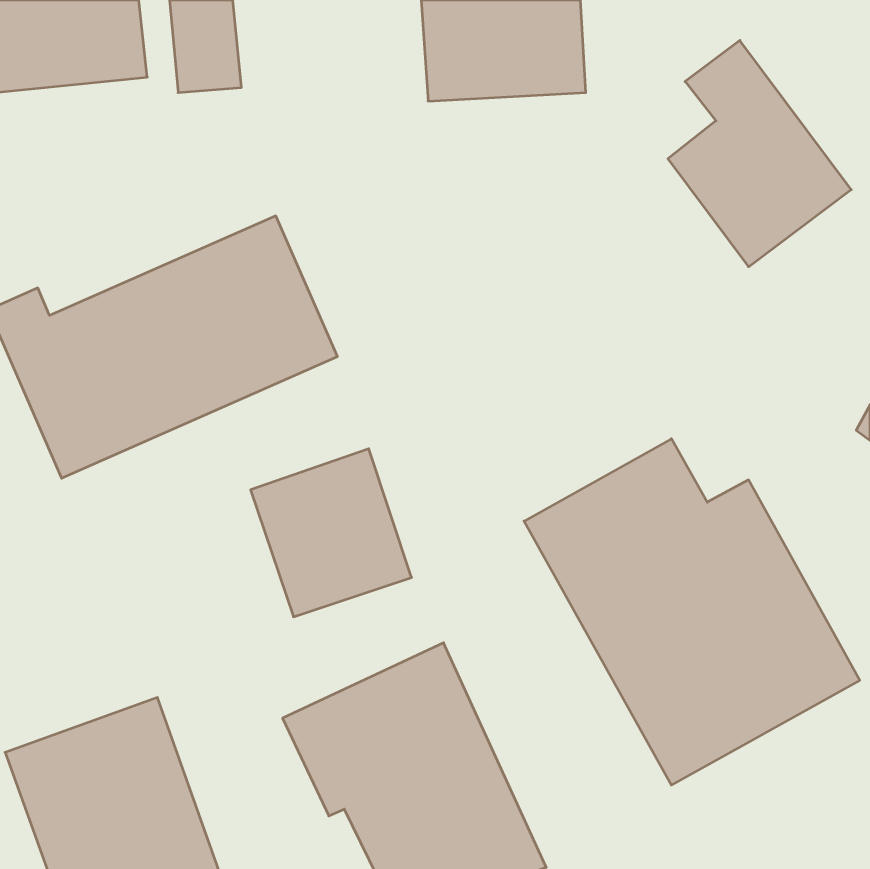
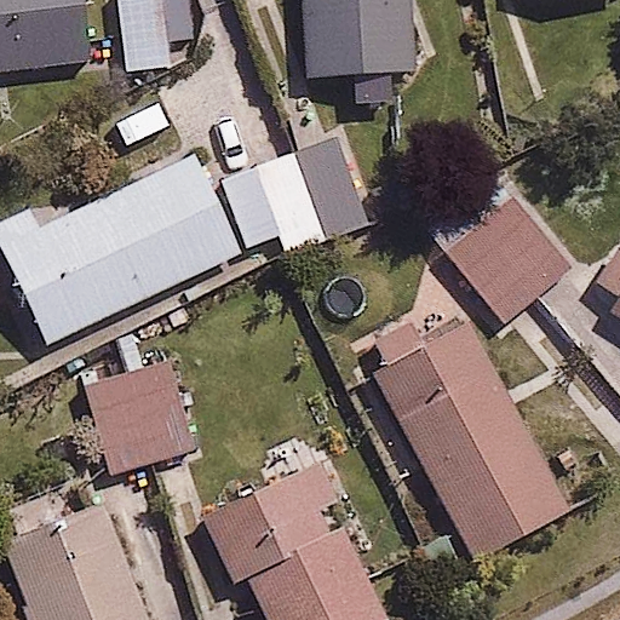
building: [668,40,851,267] -> [444,163,574,323]
building: none -> [225,137,369,257]
building: [251,449,412,617] -> [80,360,194,478]

